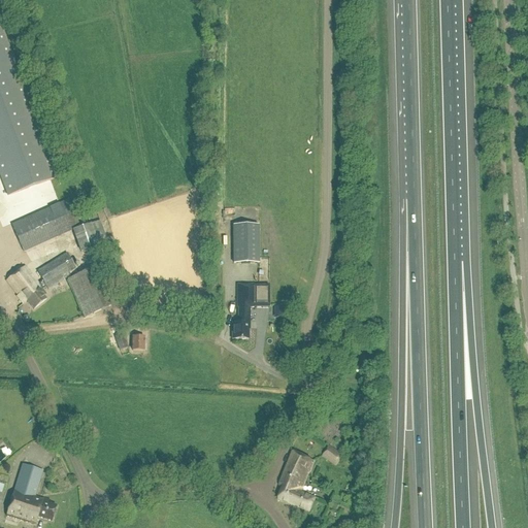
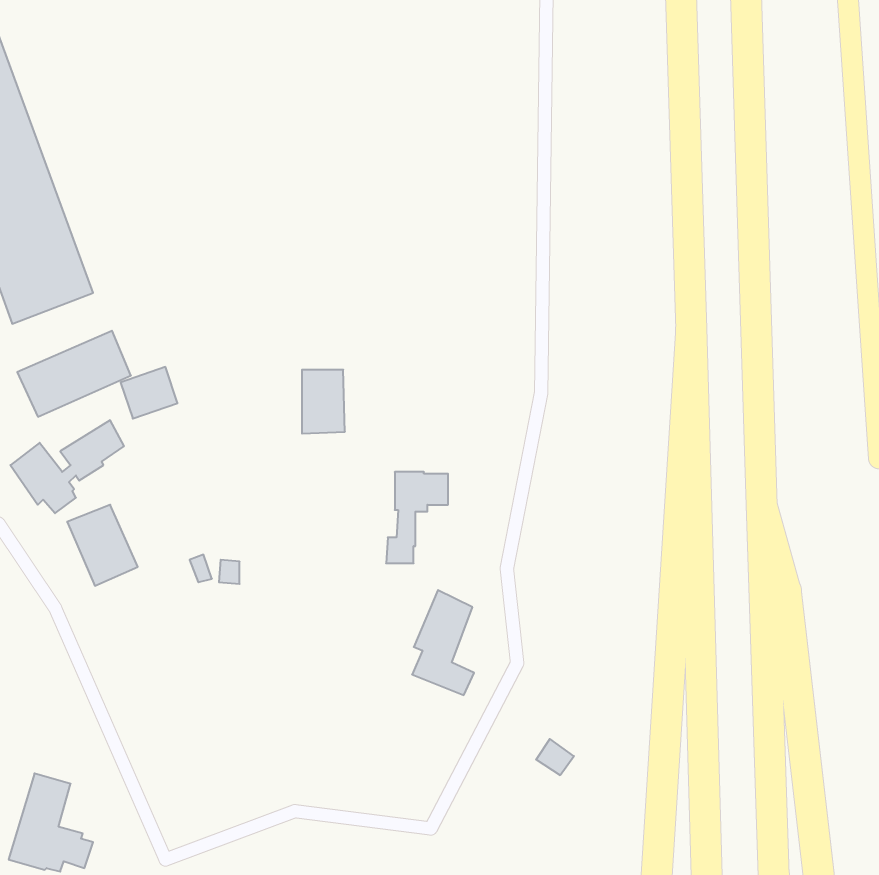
building: [232,224,258,262] -> [302,370,345,434]
building: [68,267,110,316] -> [67,505,138,586]
building: [277,448,315,510] -> [412,590,474,695]

